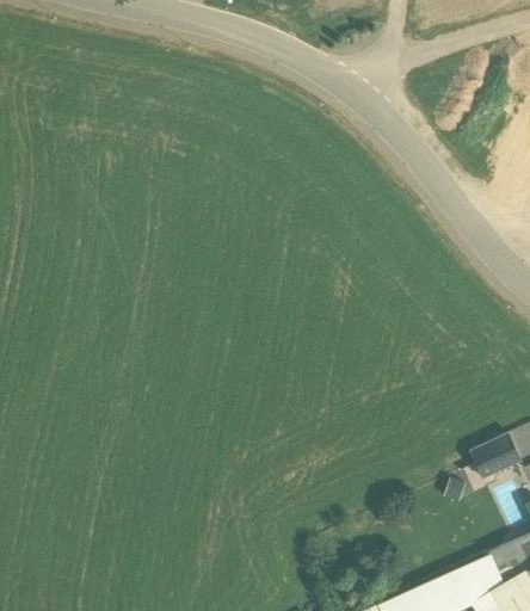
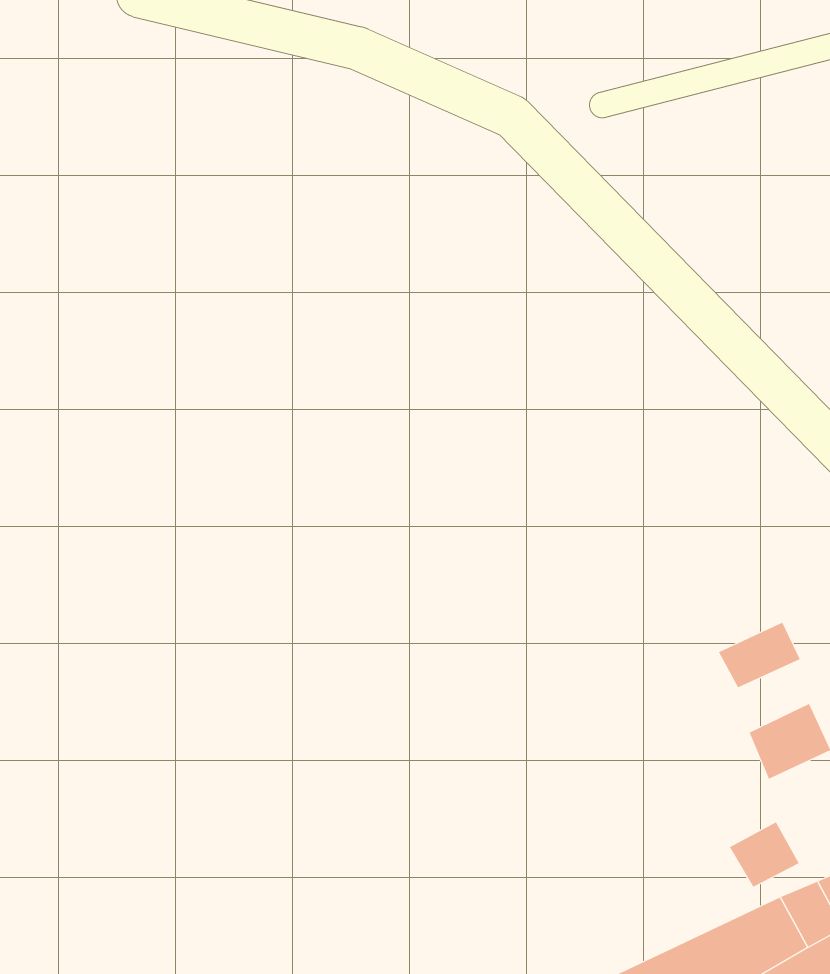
building: none -> [718,622,801,688]
building: none -> [729,821,799,888]

